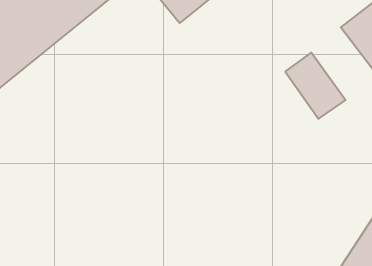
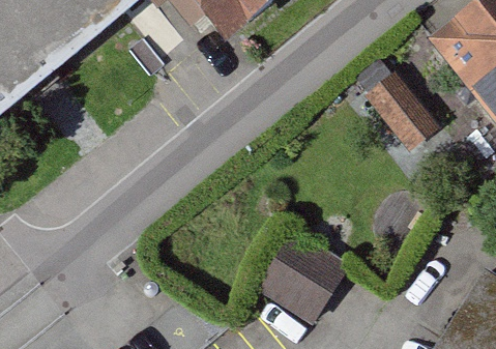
building: none -> [253,224,342,314]

